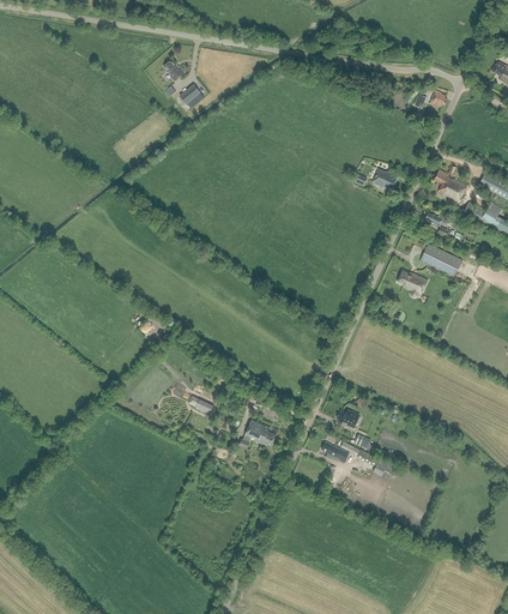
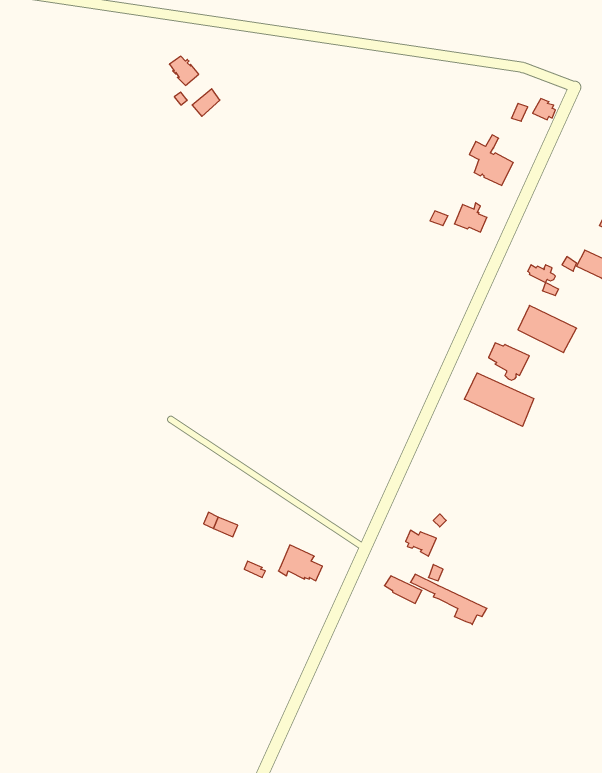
building: [435,164,467,201] -> [469,135,513,185]
building: none -> [464,373,534,426]

